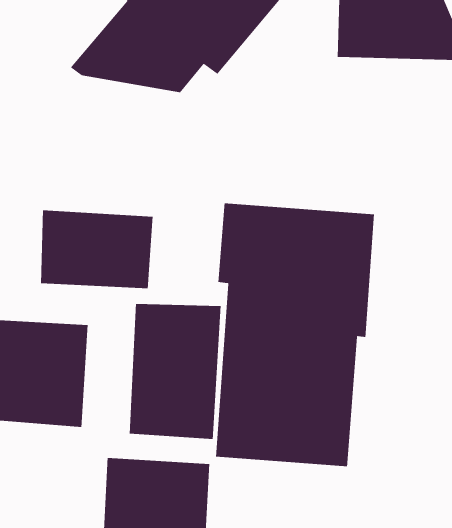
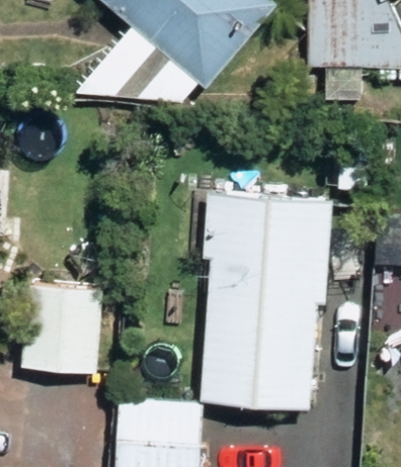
building: [40,210,153,289] -> none
building: [129,303,221,440] -> none

